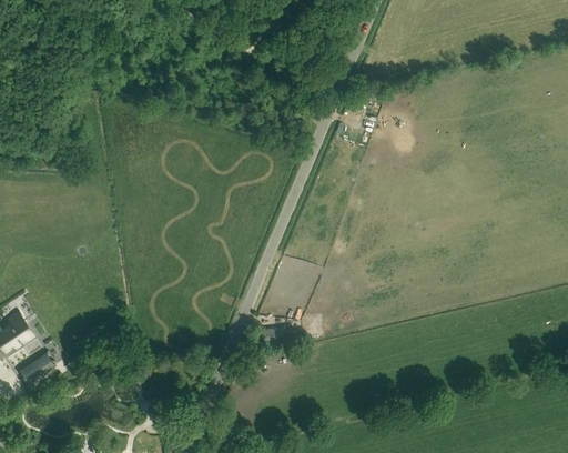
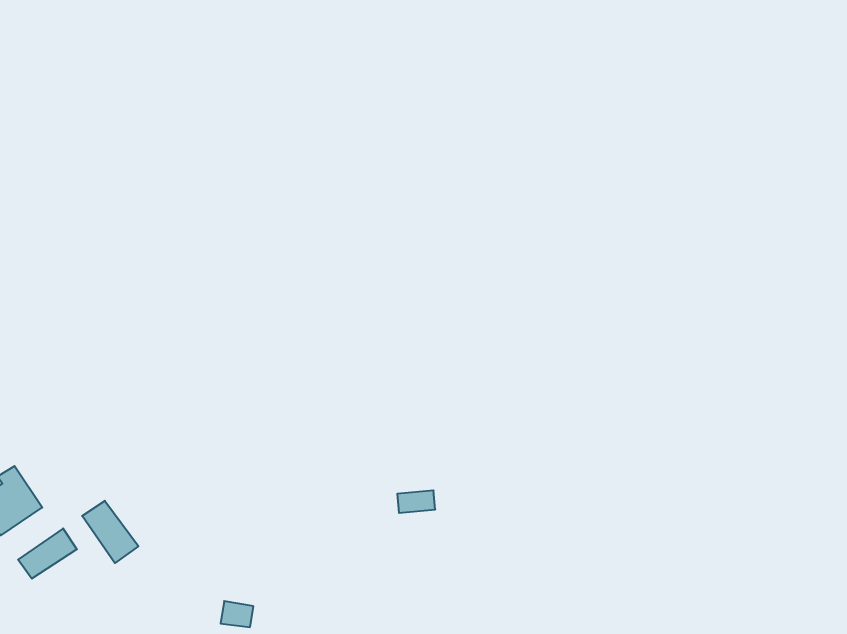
building: none -> [82,501,138,563]

